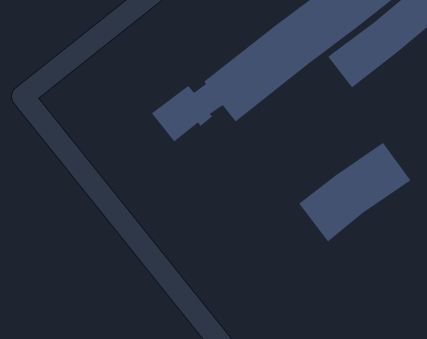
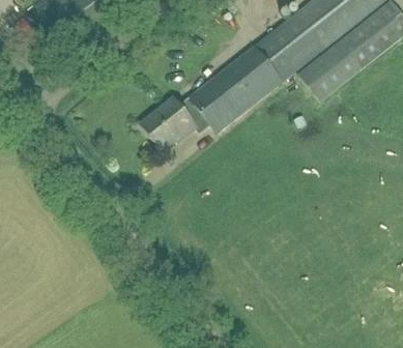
building: [298,142,412,243] -> none

